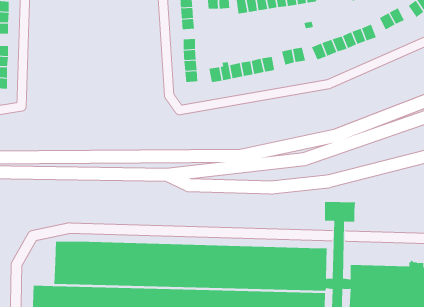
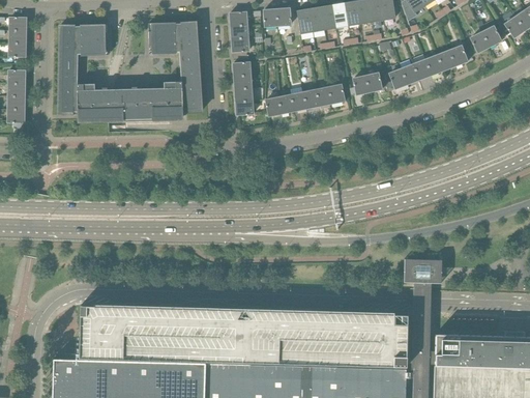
building: none -> [59,21,201,121]

